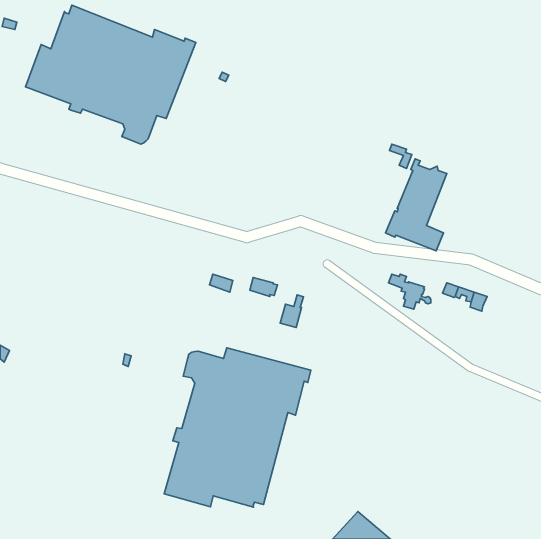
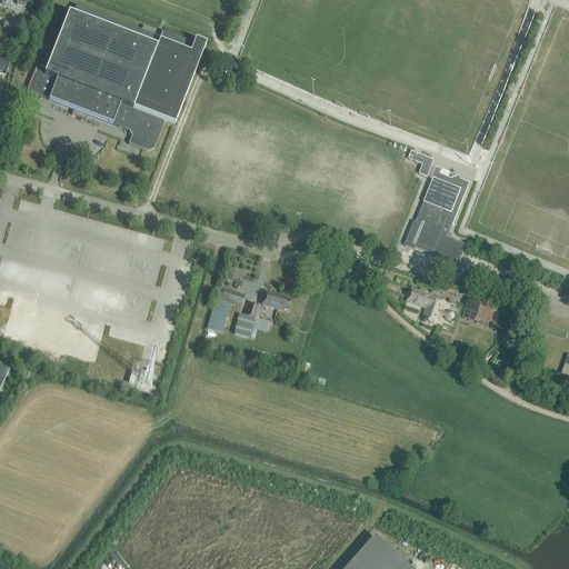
building: none -> [206,300,229,332]
building: [280,295,303,328] -> [232,303,257,338]
building: [164,348,311,507] -> none

